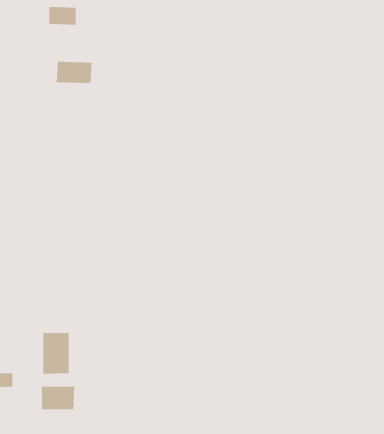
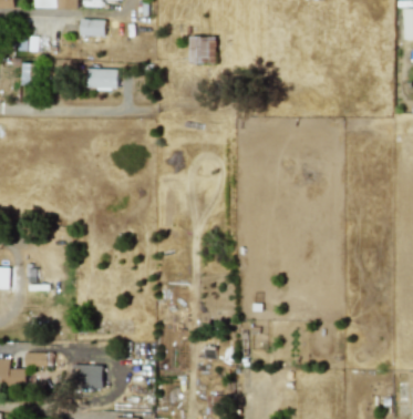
building: none -> [190,35,217,64]
building: [43,332,70,374] -> none

